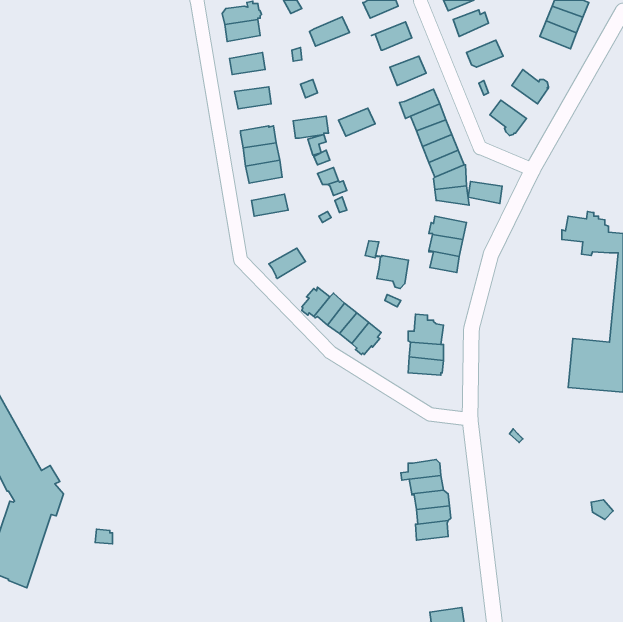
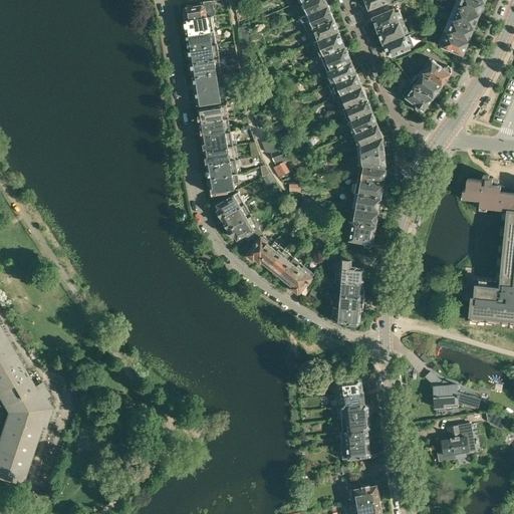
building: [309,17,350,46] -> [300,7,333,31]
building: none -> [377,21,408,45]
building: none -> [187,31,216,50]
building: none -> [438,32,469,56]
building: none -> [314,33,344,57]
building: none -> [191,59,221,77]
building: none -> [410,72,442,99]
building: [339,108,375,136] -> [326,62,356,85]
building: [293,116,329,138] -> [196,87,225,105]
building: none -> [205,148,234,167]
building: [468,181,502,203] -> [357,167,386,185]
building: none -> [209,175,238,196]
building: none -> [216,194,244,219]
building: [376,255,409,288] -> [348,222,375,249]
building: none -> [228,217,259,241]
building: none -> [331,308,362,326]
building: none -> [426,373,481,410]
building: none -> [438,425,474,462]
building: none -> [341,443,370,460]
building: none -> [350,486,379,505]

